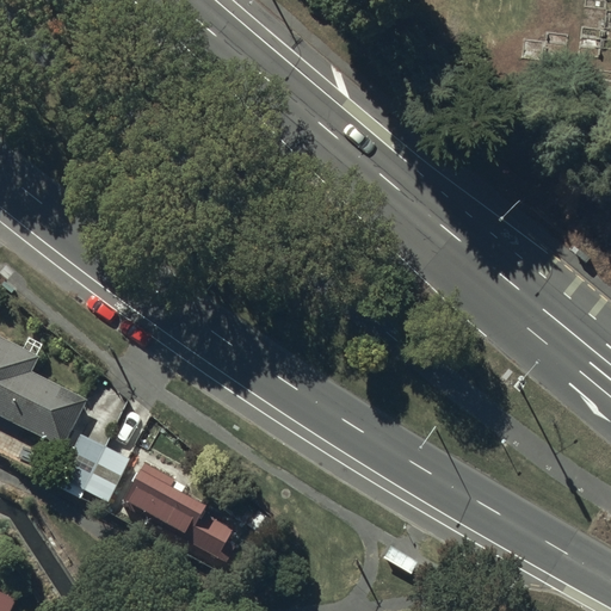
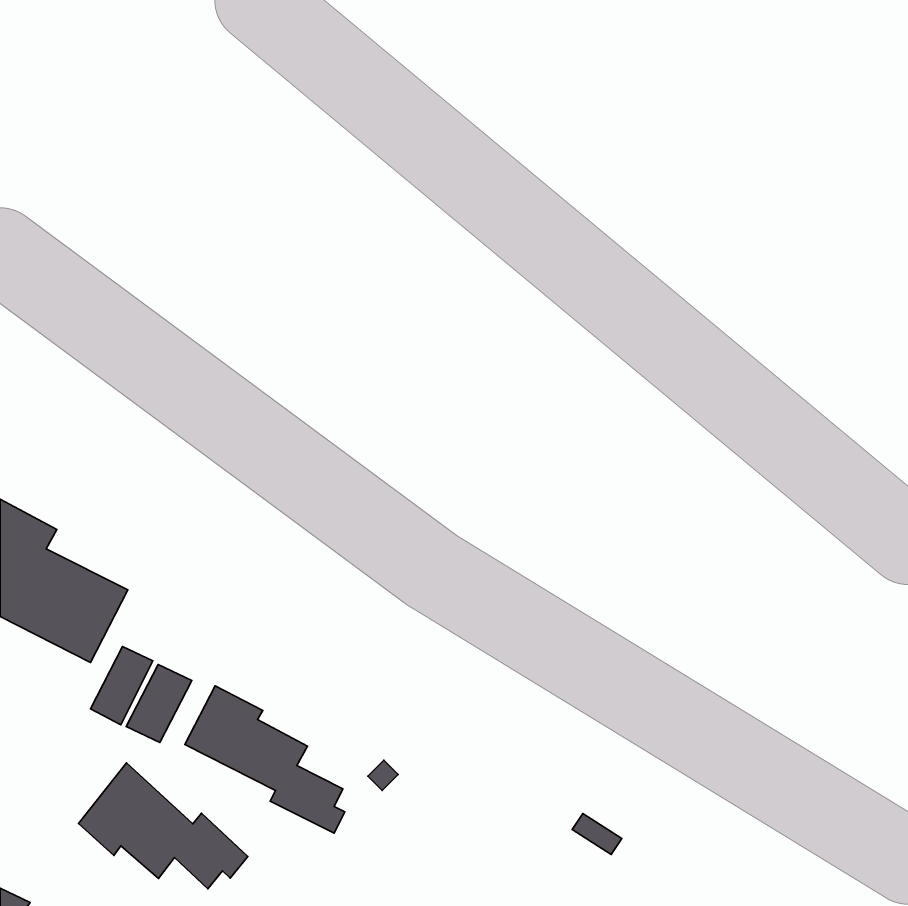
building: none -> [78,763,248,889]

